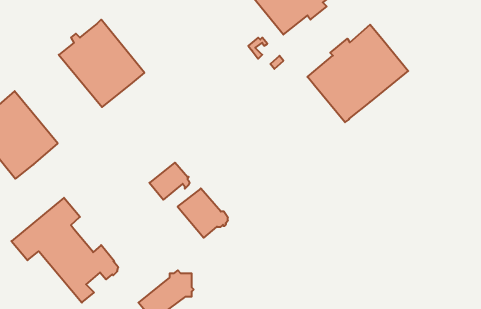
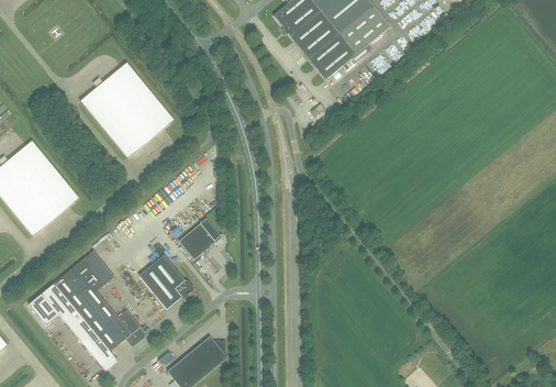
building: [307,25,408,122] -> none
building: [178,188,228,238] -> [138,254,193,308]

